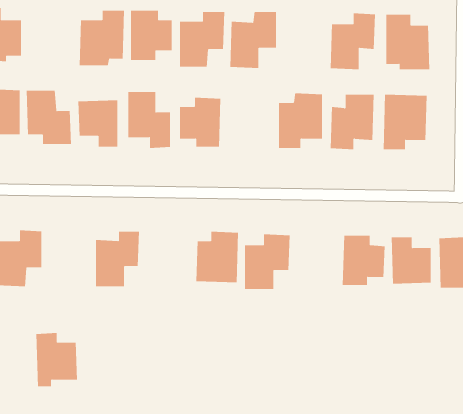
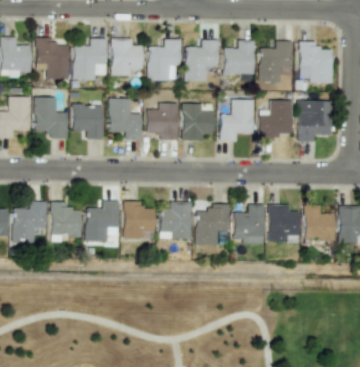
building: none -> [36,37,70,79]
building: none -> [224,40,255,75]
building: none -> [183,103,214,140]
building: none -> [124,201,155,238]
building: none -> [234,204,264,243]
building: [36,333,78,387] -> [51,201,82,241]

